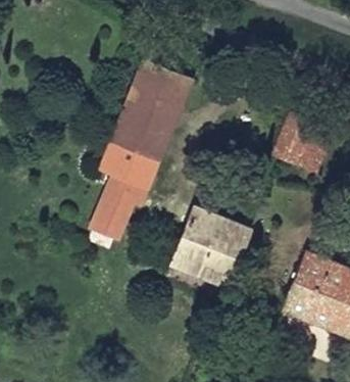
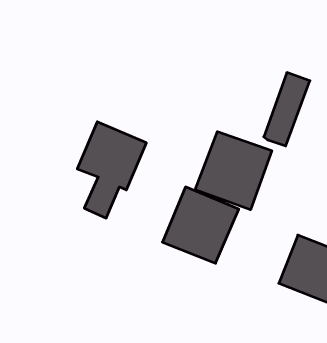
building: [106,59,191,162] -> none
building: none -> [195,132,272,210]

